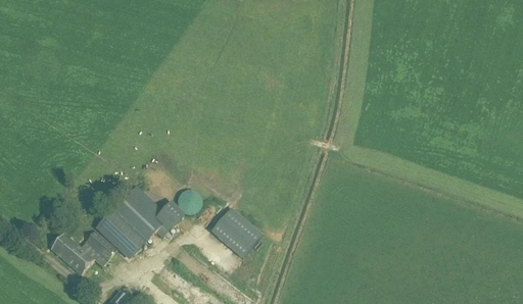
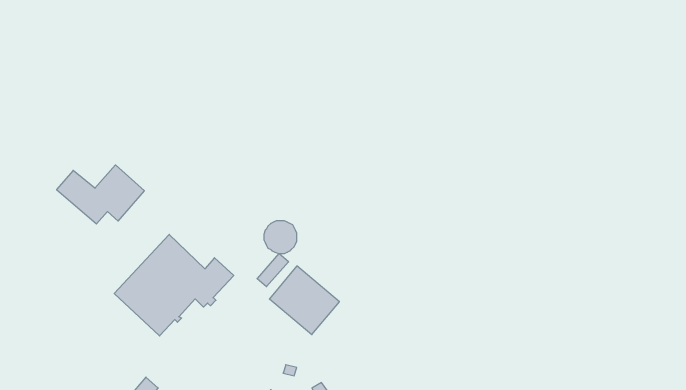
building: [177,190,201,214] -> [264,221,297,254]
building: [51,230,116,273] -> [57,165,144,224]

